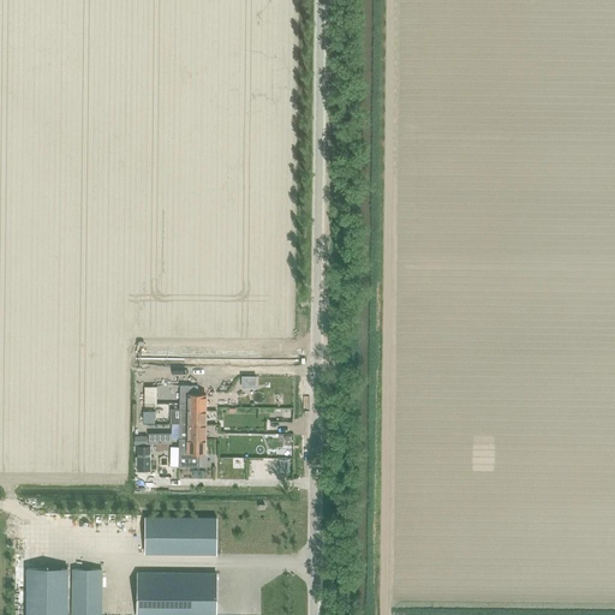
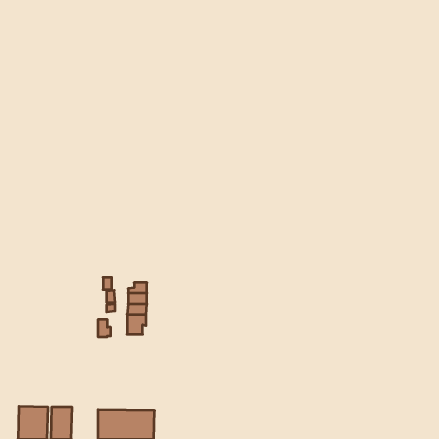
building: [144,515,216,555] -> none

